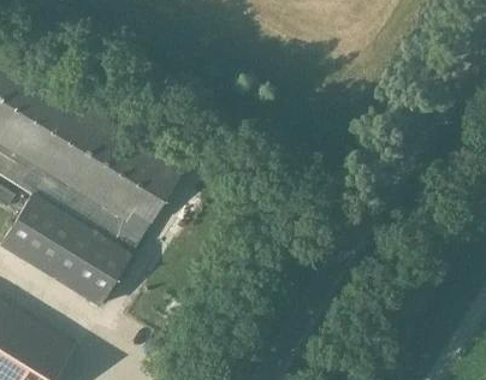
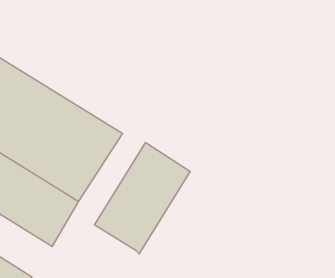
building: none -> [94,142,190,254]

